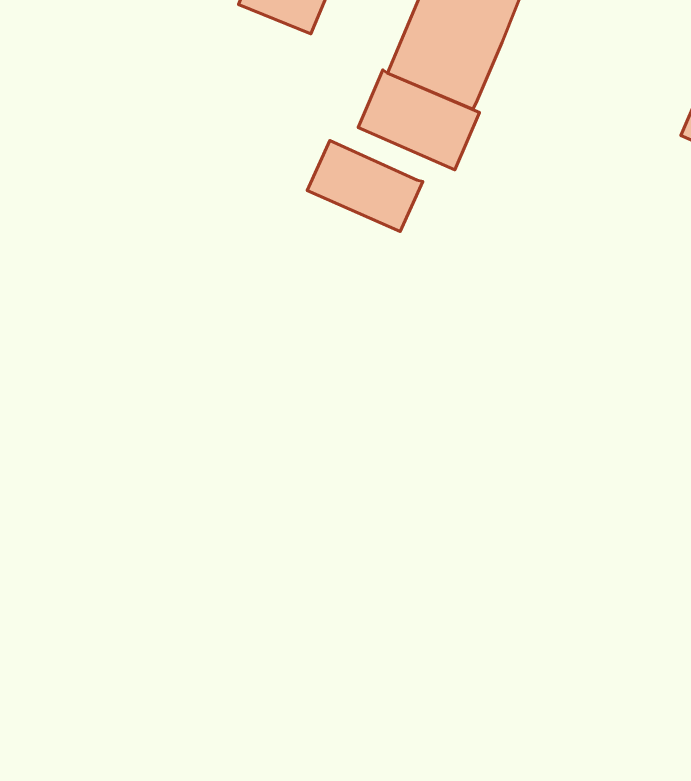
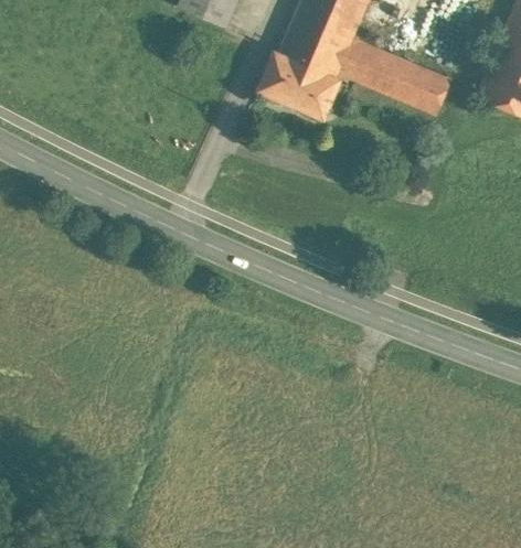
building: none -> [338,31,451,114]
building: [307,140,423,231] -> none

